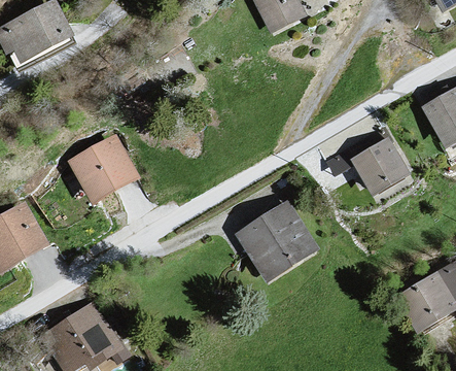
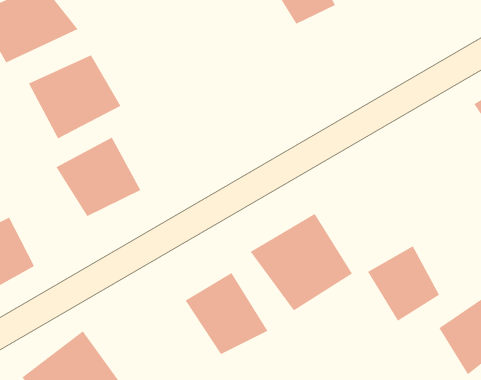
building: none -> [28,55,121,139]
building: [351,135,413,200] -> [367,245,440,322]
building: none -> [185,272,268,355]

